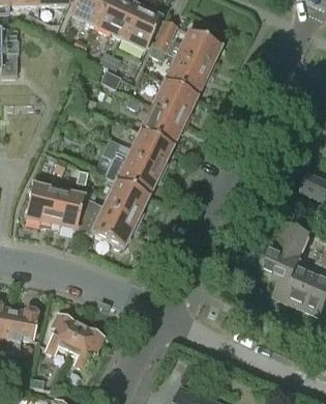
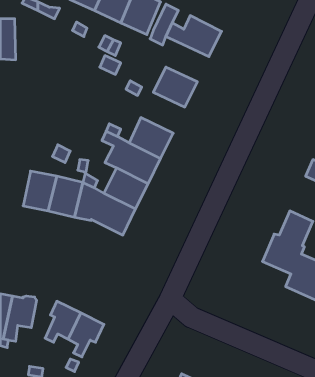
building: [165,57,207,96] -> none
building: [140,107,183,147] -> none

